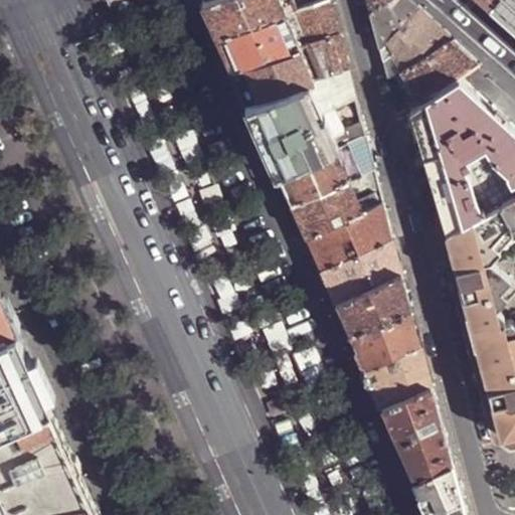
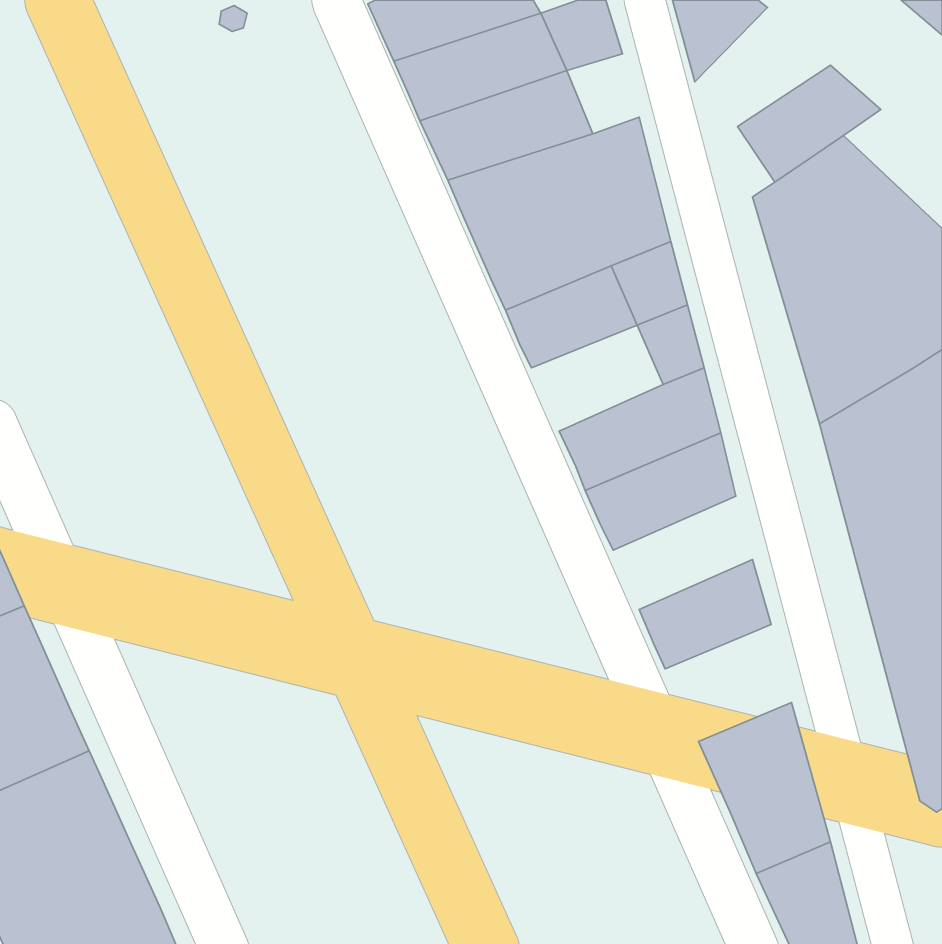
building: [376,7,450,81] -> none
building: [307,32,346,75] -> none
building: [288,179,359,236] -> none
building: [332,272,407,333] -> none
building: [360,341,428,404] -> none

